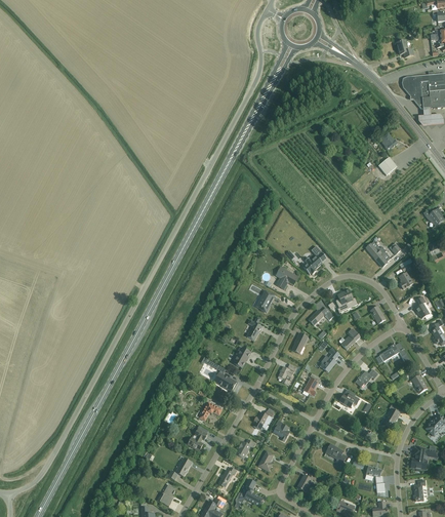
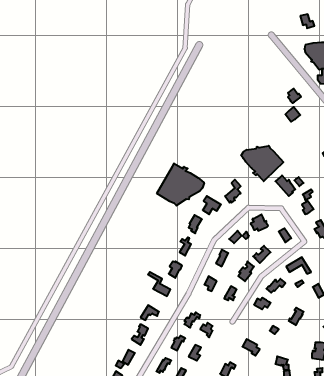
building: none -> [241,146,283,181]
building: none -> [157,163,204,206]

